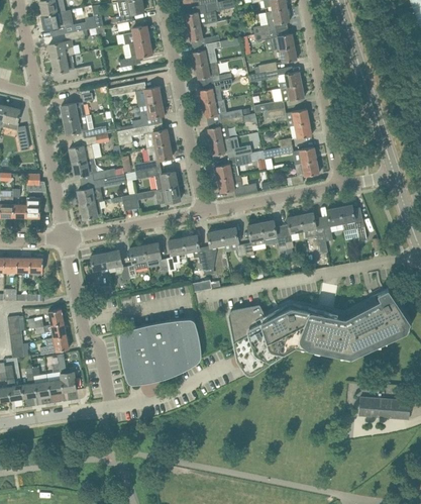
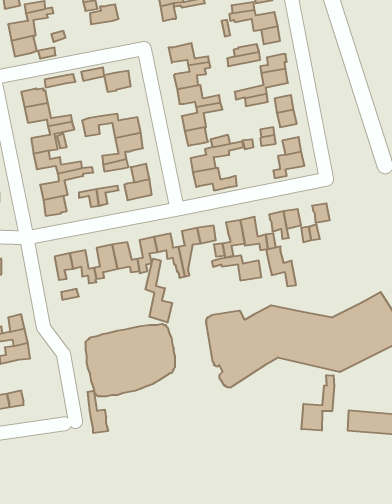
building: [119,39,151,68] -> none
building: [193,41,221,66] -> none
building: [132,101,164,128] -> none
building: [339,205,366,241] -> [266,246,296,286]
building: none -> [212,255,261,281]
building: none -> [145,259,172,323]
building: [58,354,77,392] -> [87,391,108,433]
building: none -> [301,375,334,431]

